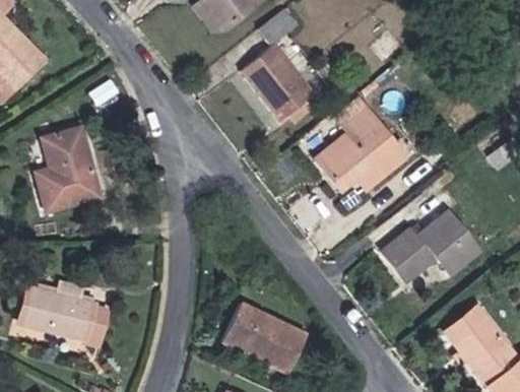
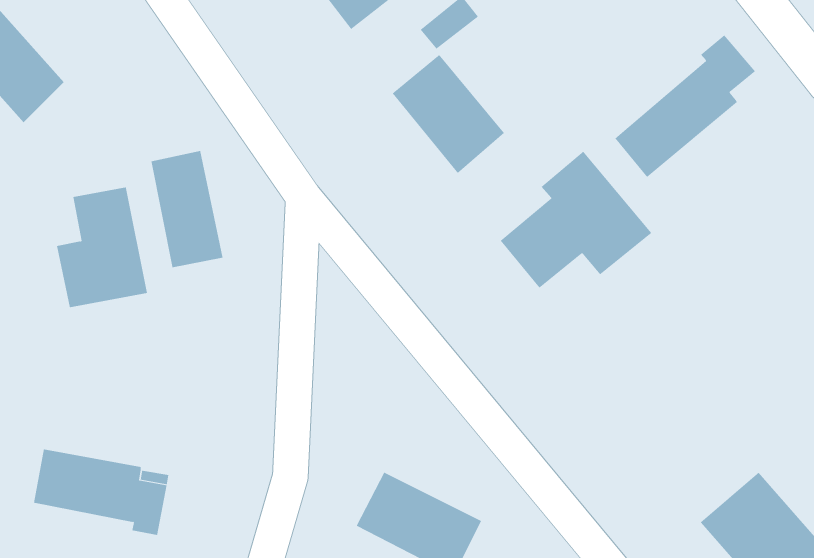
building: none -> [614,34,756,178]
building: none -> [151,150,223,268]
building: [386,211,479,277] -> none

